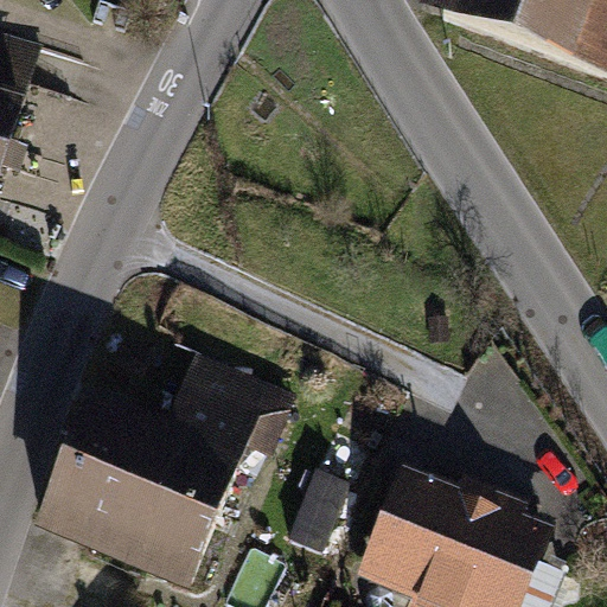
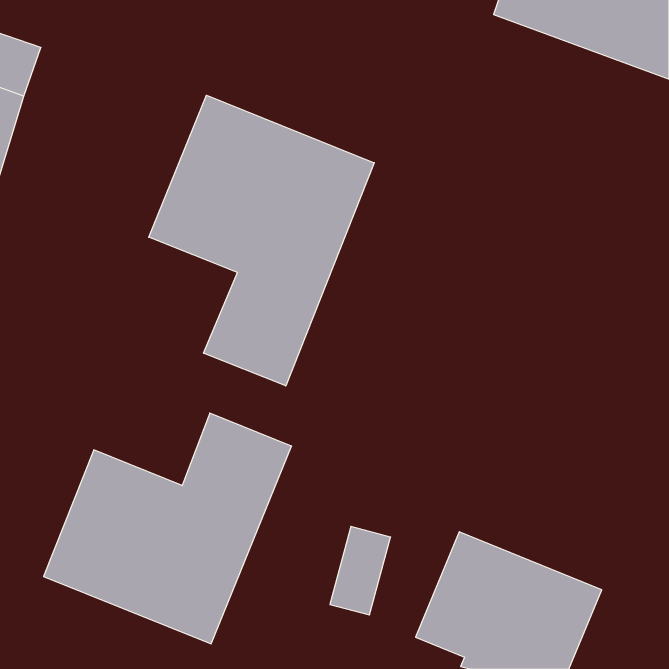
building: none -> [149,95,374,386]

